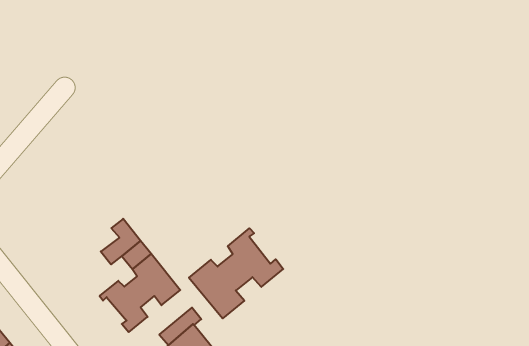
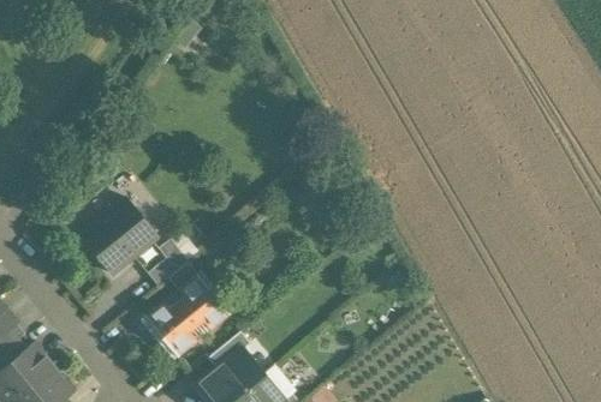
building: none -> [78,198,156,275]
building: [189,228,283,318] -> none

